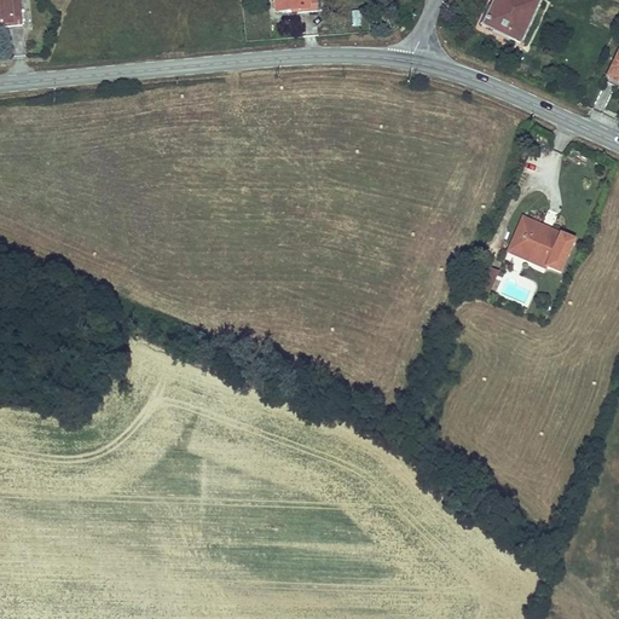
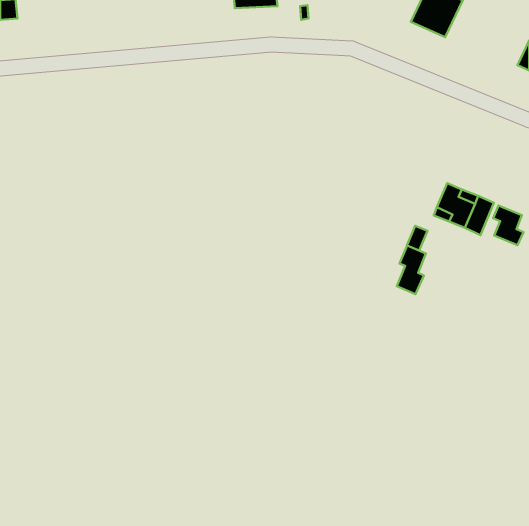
building: none -> [493,206,523,245]
building: none -> [397,246,426,294]

